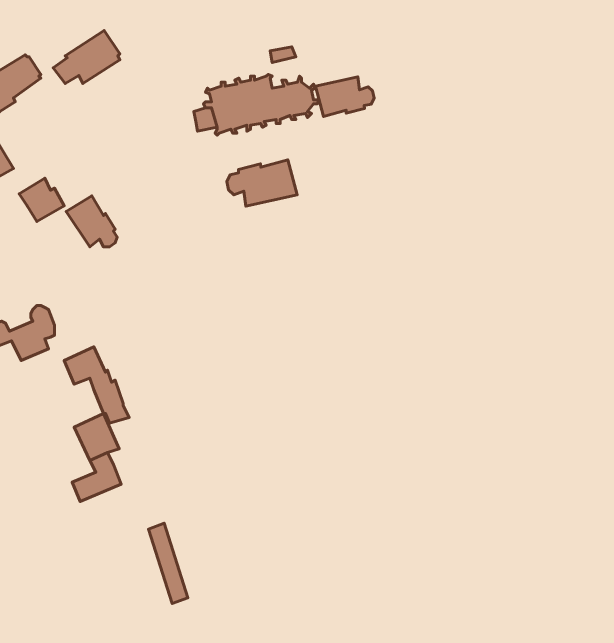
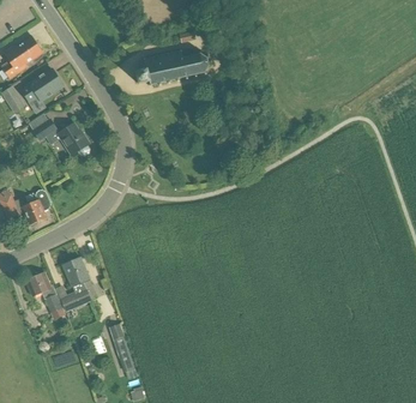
building: [53,30,120,83] -> [23,68,64,101]
building: [316,77,374,116] -> none
building: [227,160,297,206] -> none
building: [64,347,129,423] -> [26,272,66,319]

